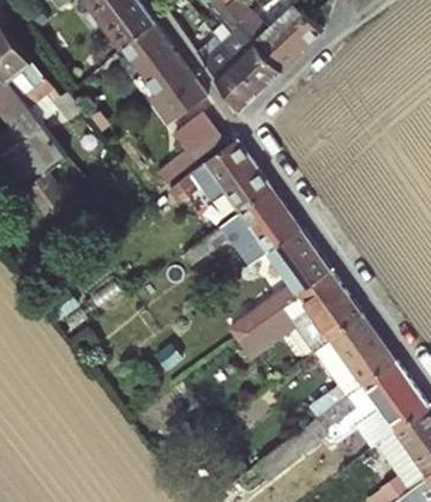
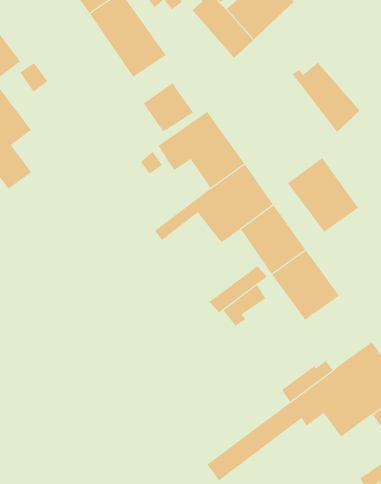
building: [194,42,261,110] -> [292,62,360,133]
building: none -> [287,157,359,233]
building: [329,316,394,385] -> none

